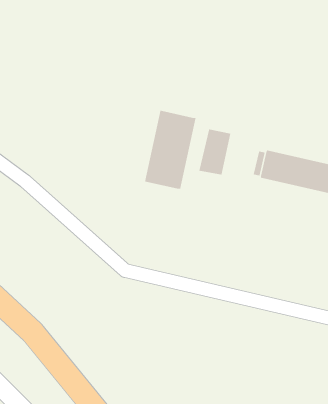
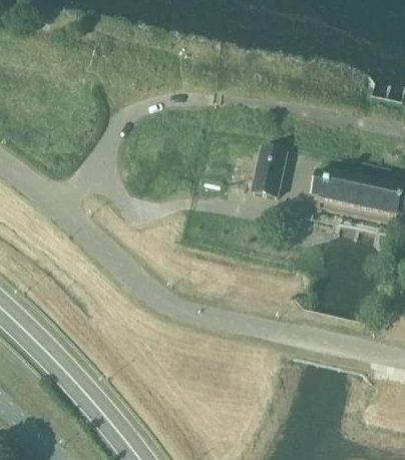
building: [145,110,196,190] -> none

